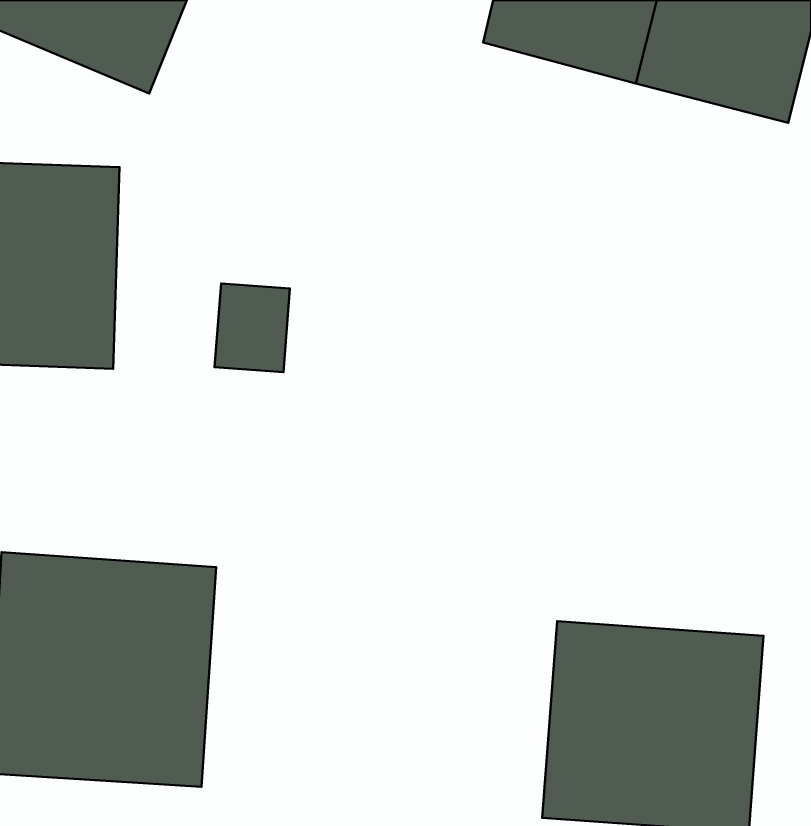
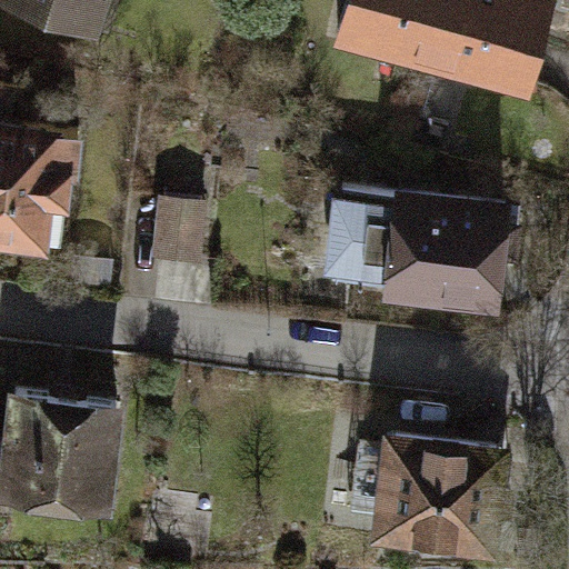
building: none -> [317,184,518,307]

